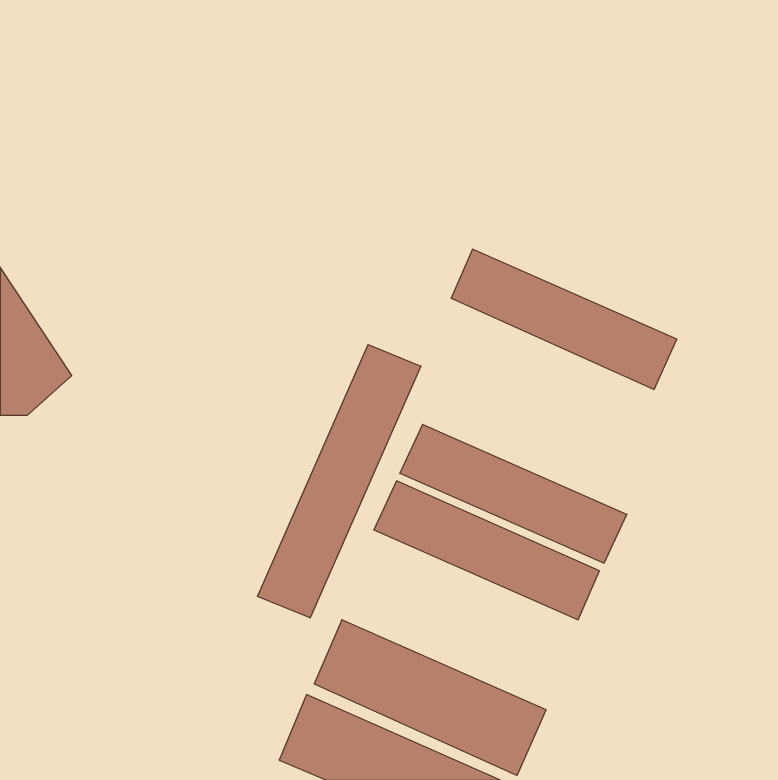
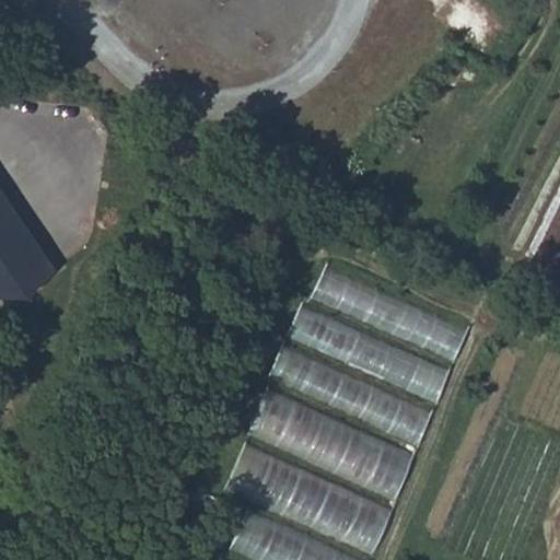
building: [451,249,677,390] -> [307,264,469,364]
building: [257,345,421,618] -> none
building: none -> [246,390,413,502]

